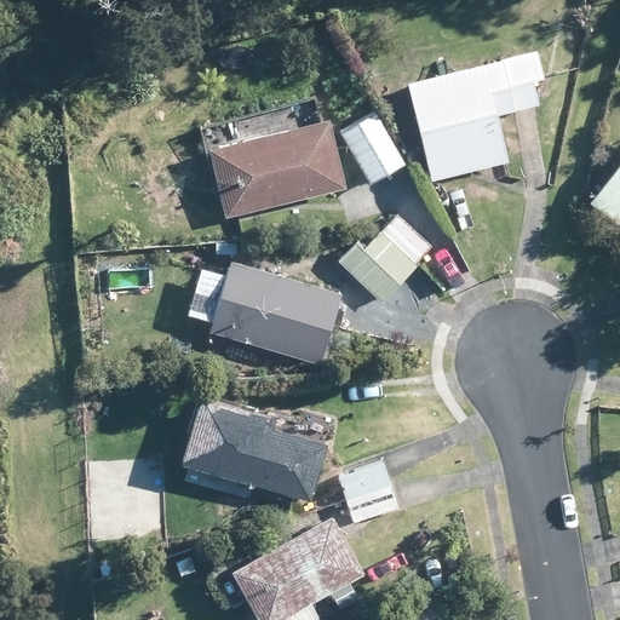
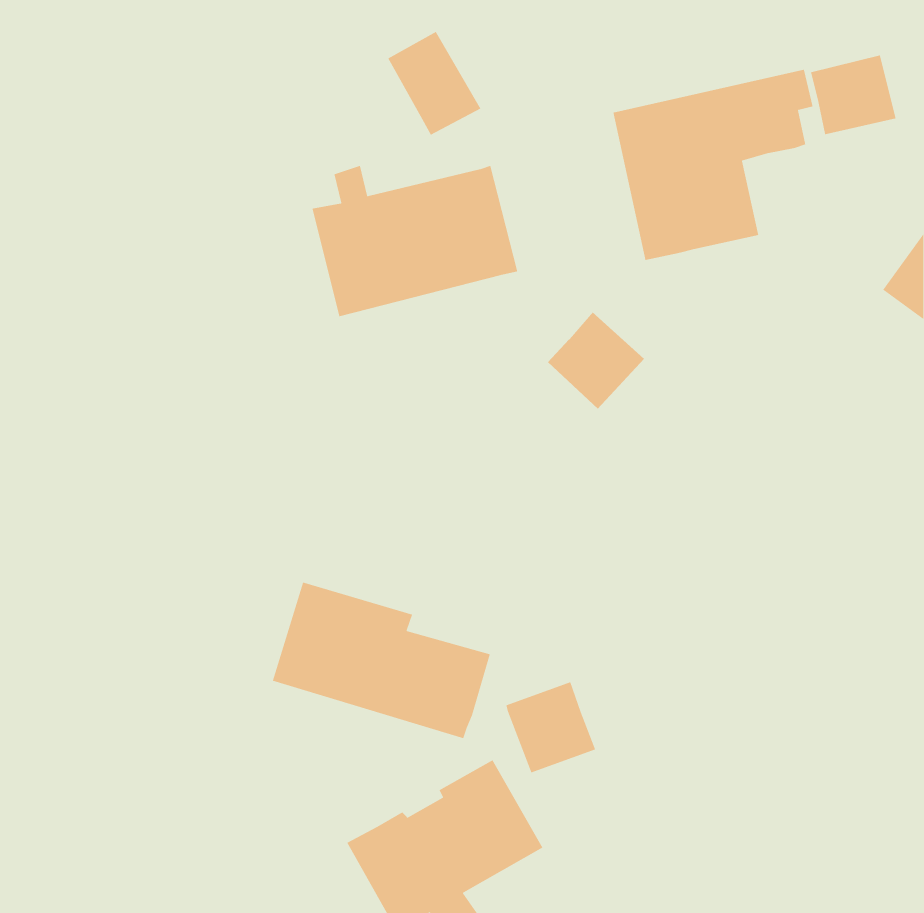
building: none -> [810,55,897,135]
building: [341,115,404,185] -> [387,31,481,136]
building: [211,262,341,366] -> none

